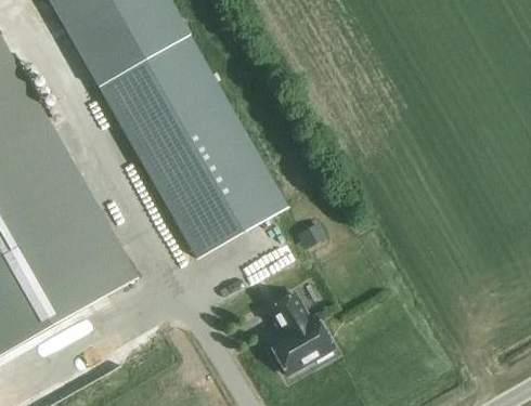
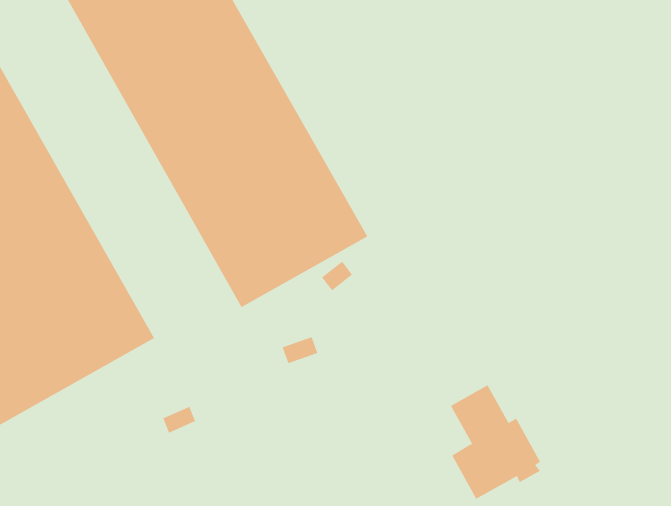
building: [267,289,332,371] -> [450,384,541,500]

